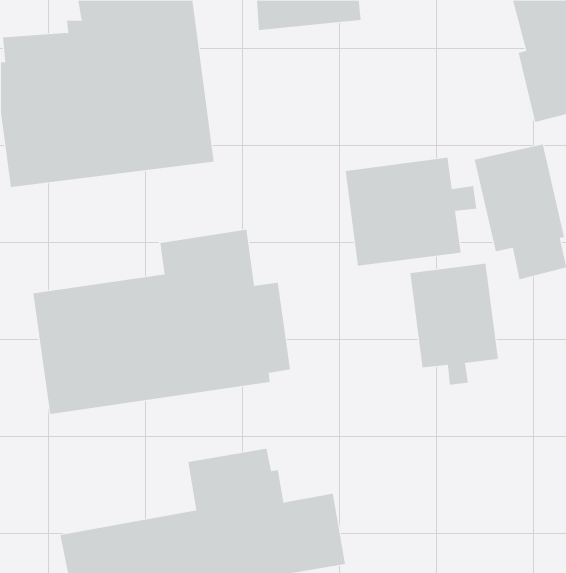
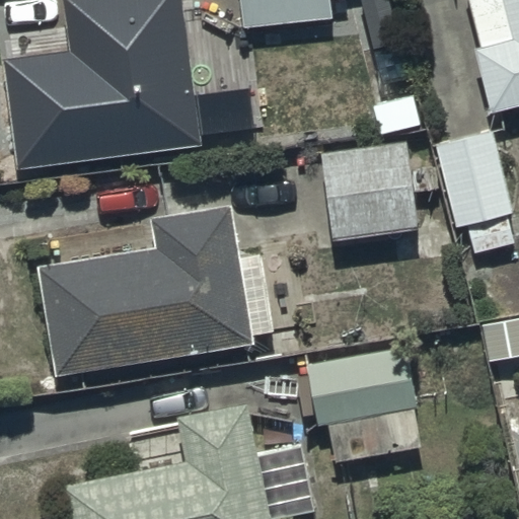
building: [410,263,498,385] -> none
building: none -> [305,343,423,462]

